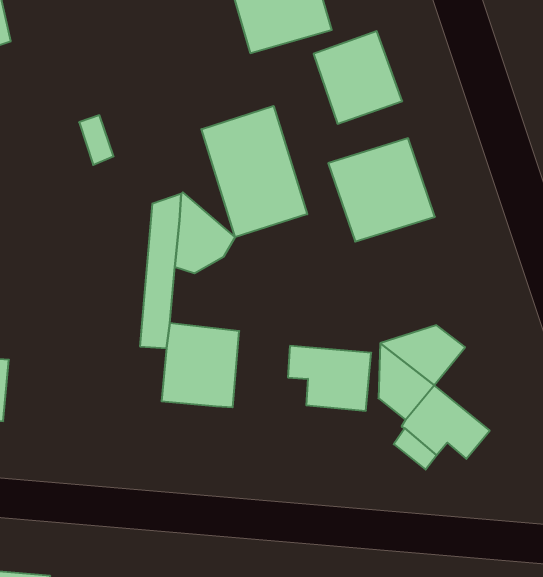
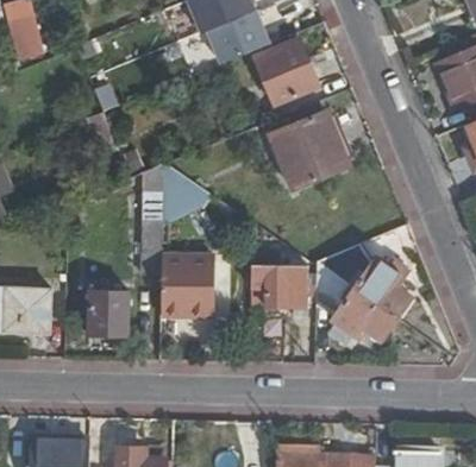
building: [201,106,307,237] -> none
building: none -> [355,257,412,317]
building: none -> [89,289,129,335]

